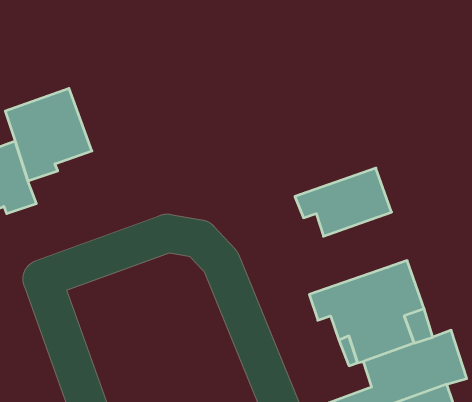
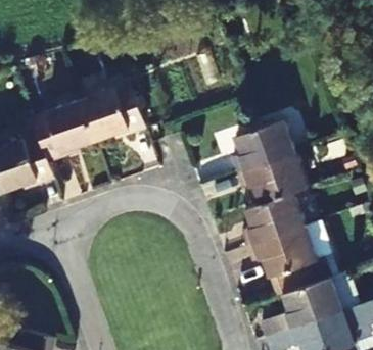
building: none -> [75,80,143,143]
building: none -> [231,120,295,176]
building: none -> [241,192,304,246]

